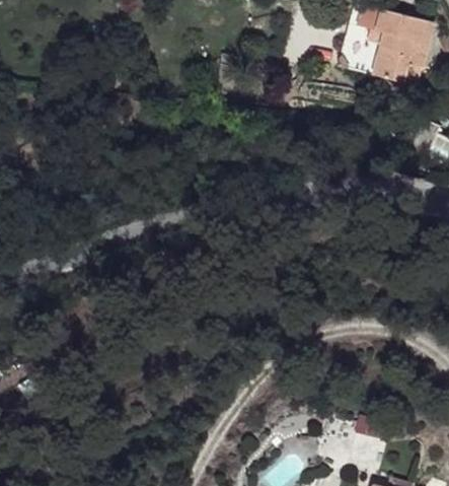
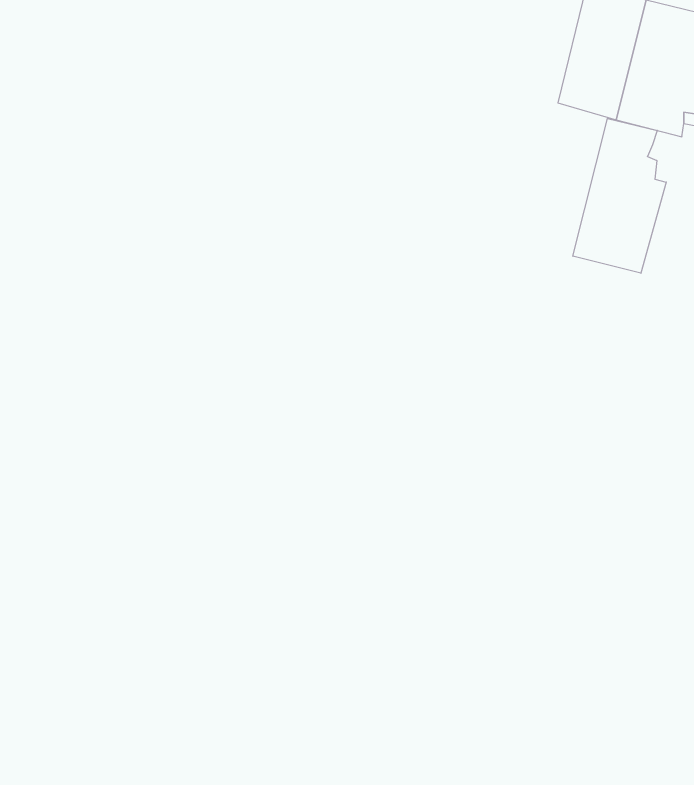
building: none -> [573,118,666,273]

